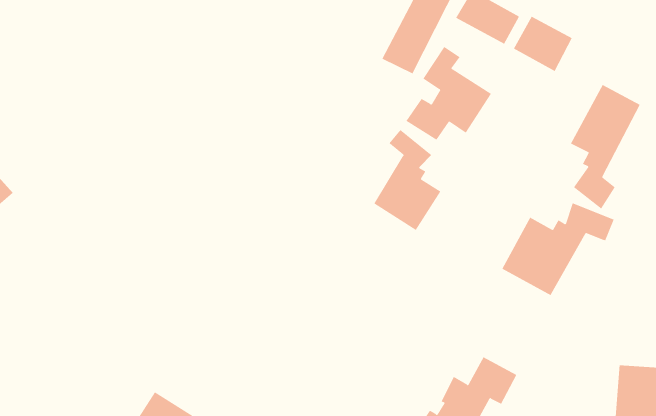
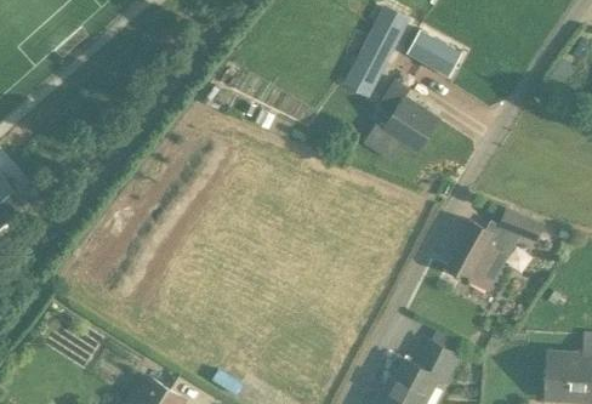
building: [513,16,572,72] -> none
building: [570,84,641,209] -> none
building: [373,129,441,231] -> none

